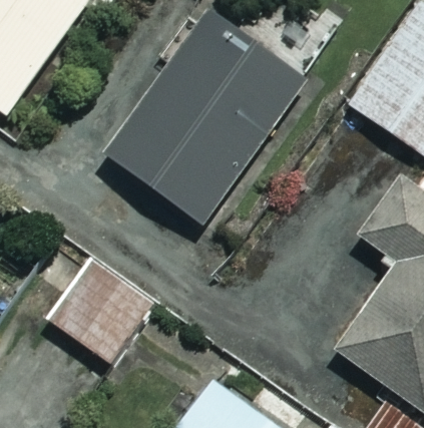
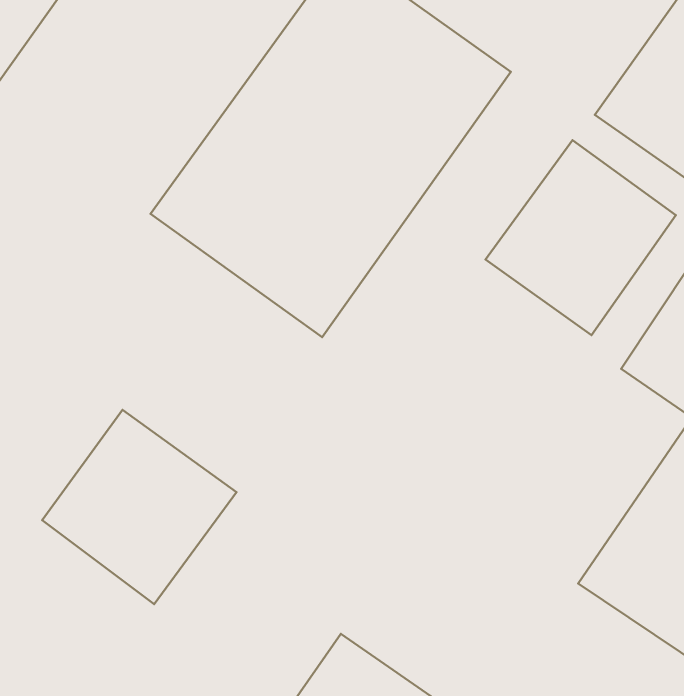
building: none -> [486,140,676,335]

